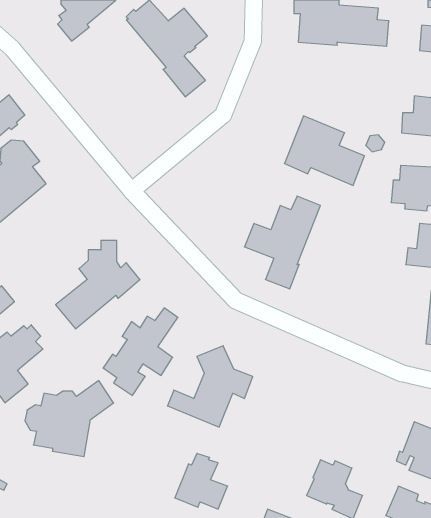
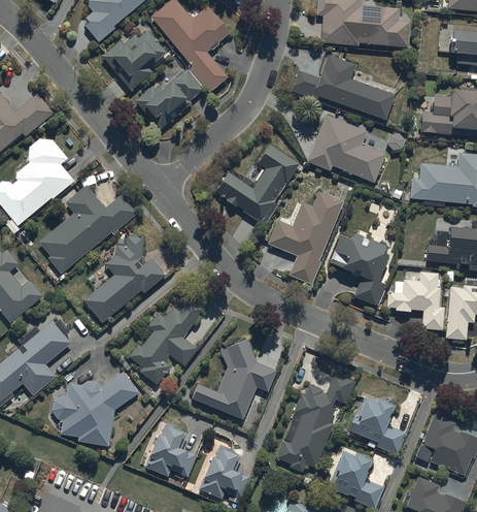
building: none -> [101,33,166,93]
building: none -> [291,55,394,119]
building: none -> [135,72,203,132]
building: none -> [214,143,298,225]
building: none -> [39,185,136,275]
building: none -> [330,231,387,306]
building: none -> [386,273,443,329]
building: none -> [276,373,353,472]
building: none -> [346,396,404,454]
building: none -> [144,422,196,477]

